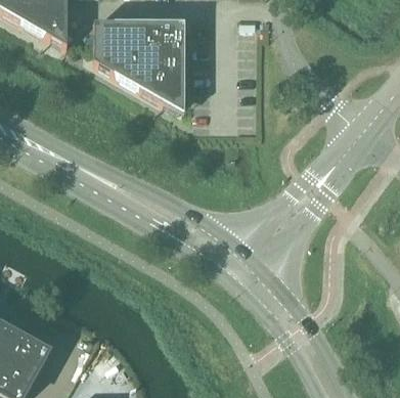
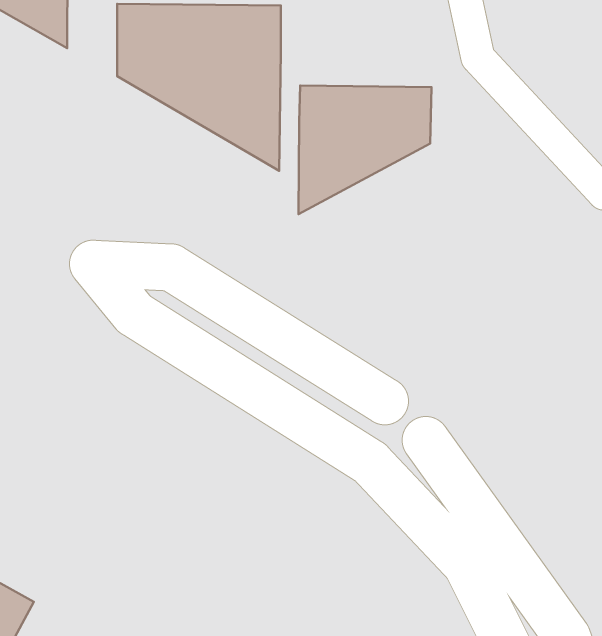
building: none -> [299,86,431,214]

